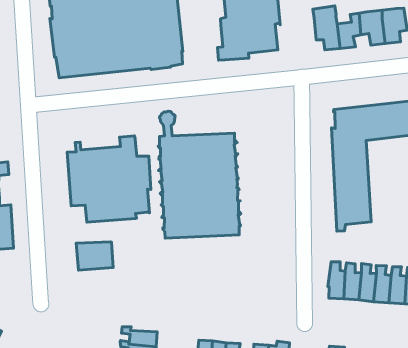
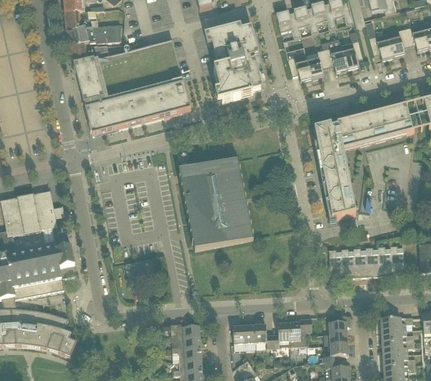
building: [67,136,151,222] -> none

